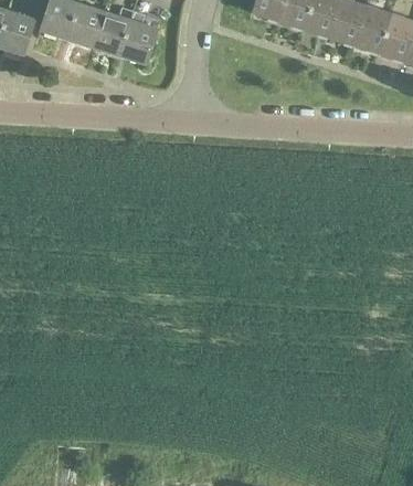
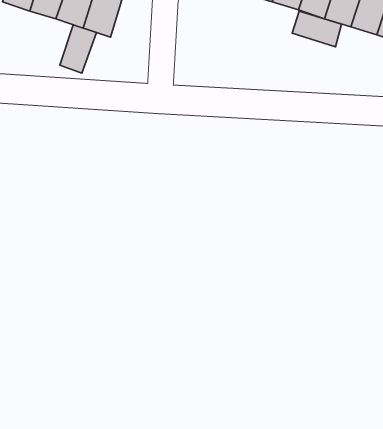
building: none -> [292,11,342,47]
building: none -> [60,25,96,73]

